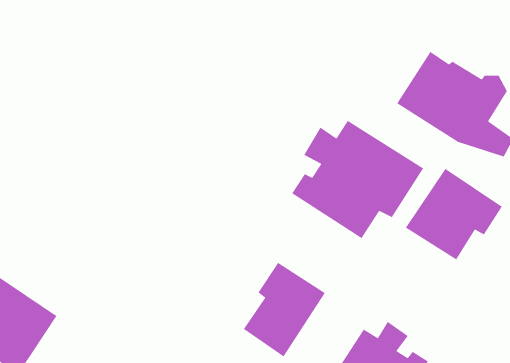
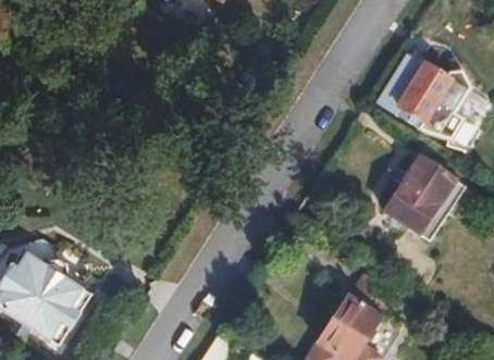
building: [291,120,424,239] -> none
building: [243,262,326,358] -> none

